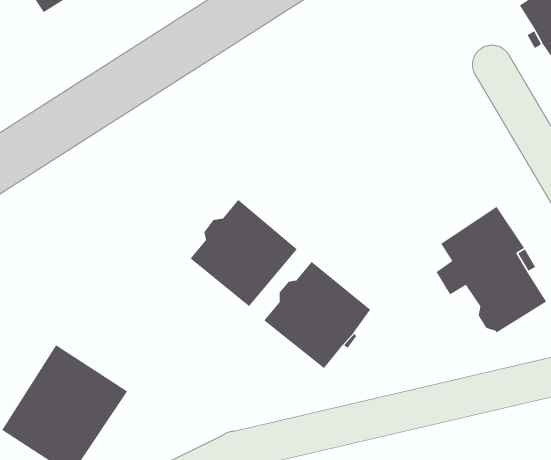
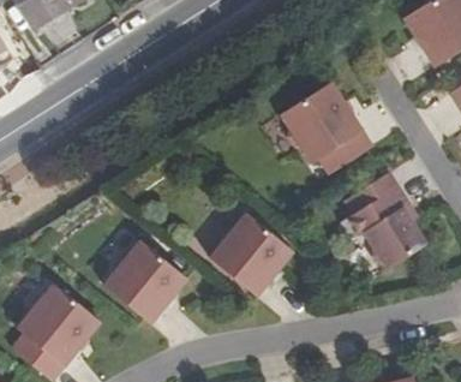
building: none -> [277,84,370,175]
building: [189,199,298,307] -> [101,240,184,323]

